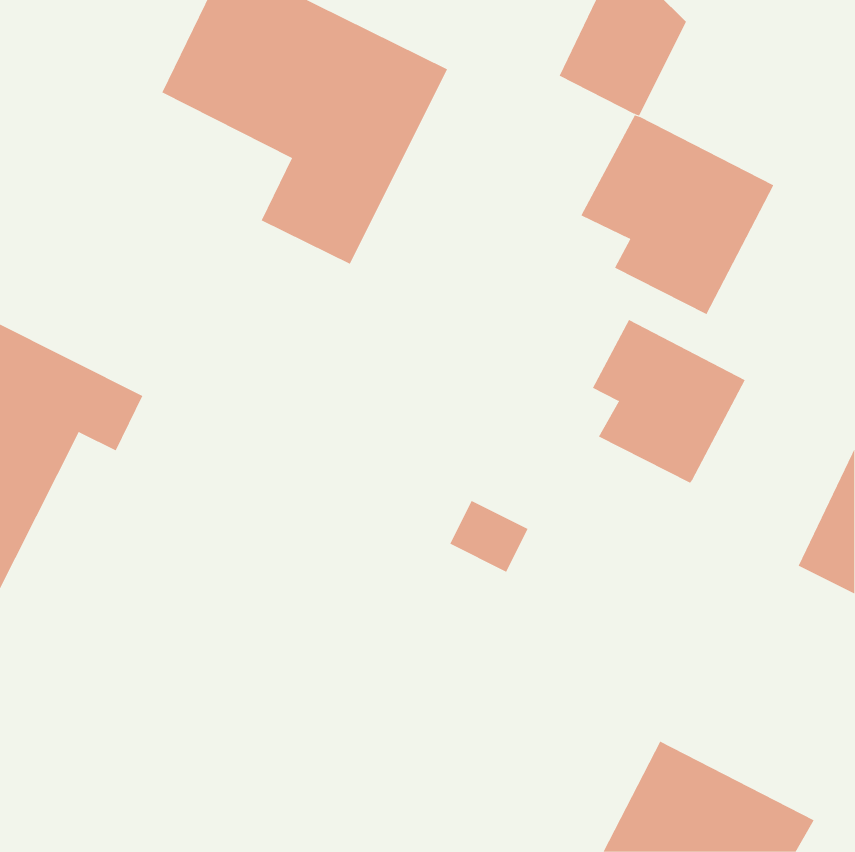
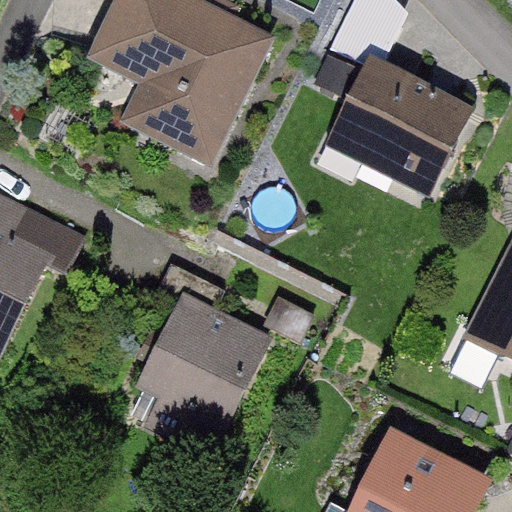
building: [592,319,746,484] -> none
building: none -> [143,260,268,451]

